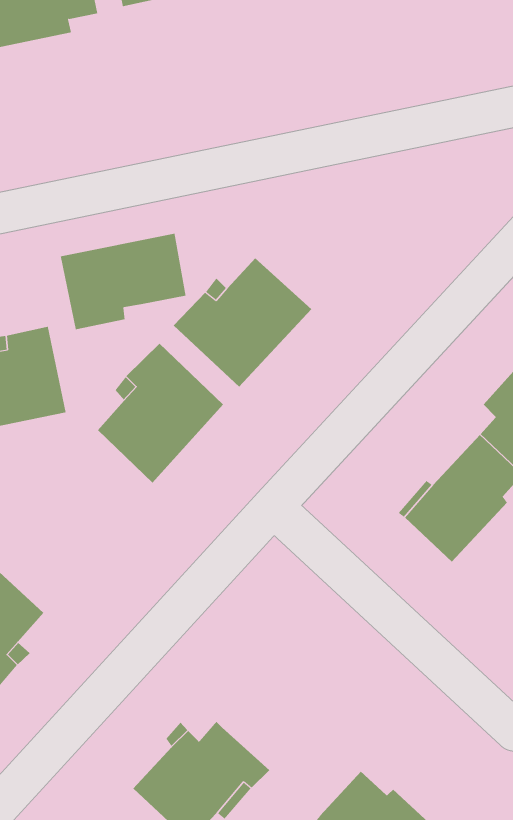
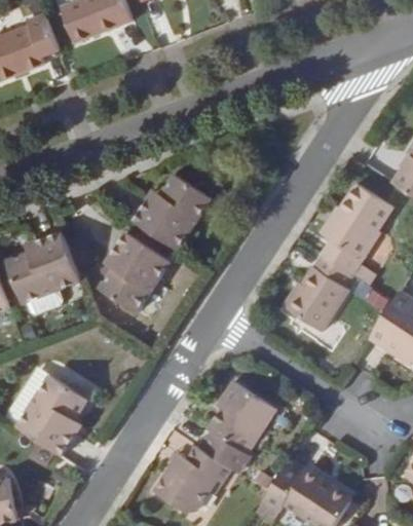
building: [60,233,186,330] -> none
building: none -> [201,381,275,474]

